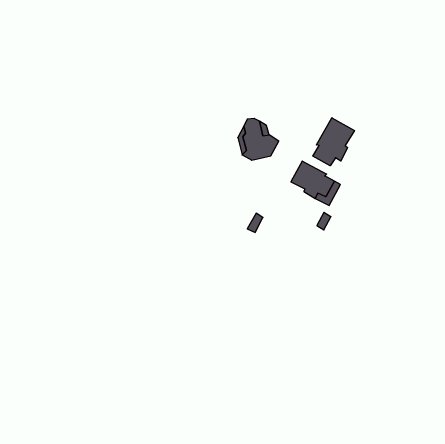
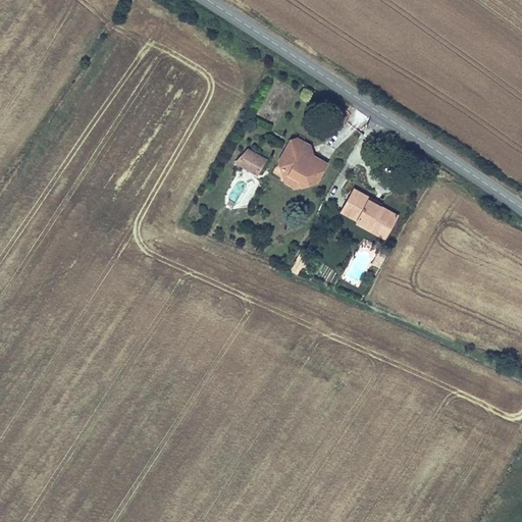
building: [313,118,354,166] -> none
building: none -> [233,148,267,176]

